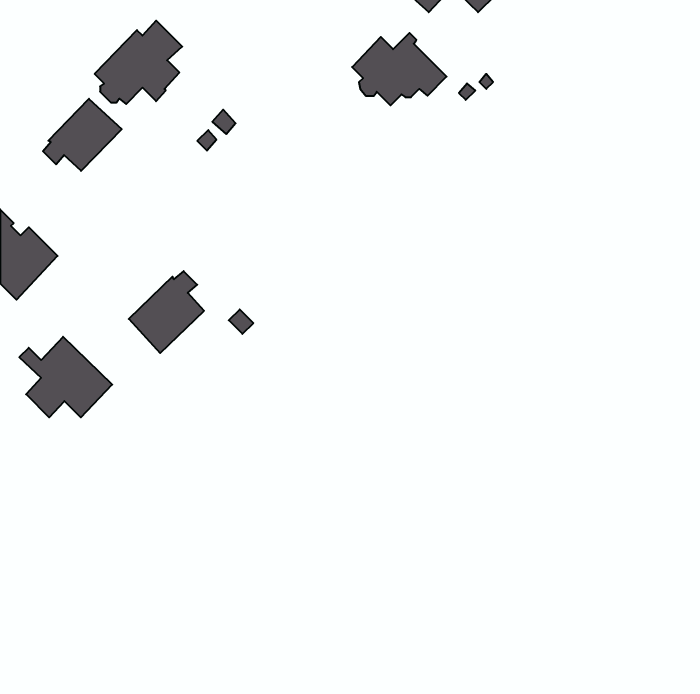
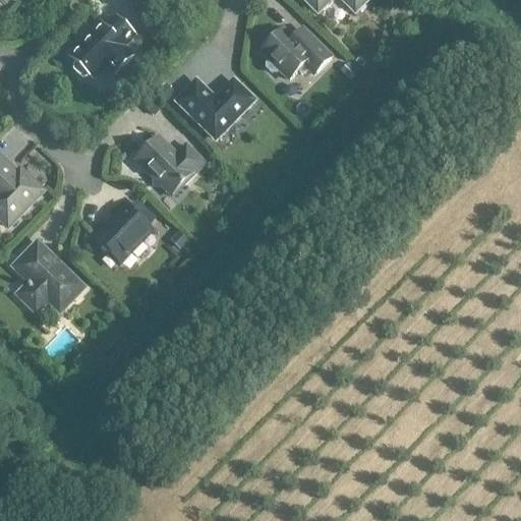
building: [43,99,122,171] -> none
building: none -> [178,80,253,137]
building: none -> [135,135,206,185]

